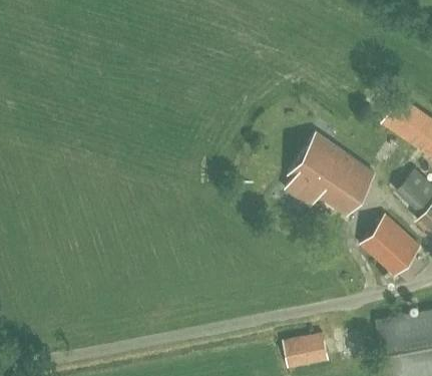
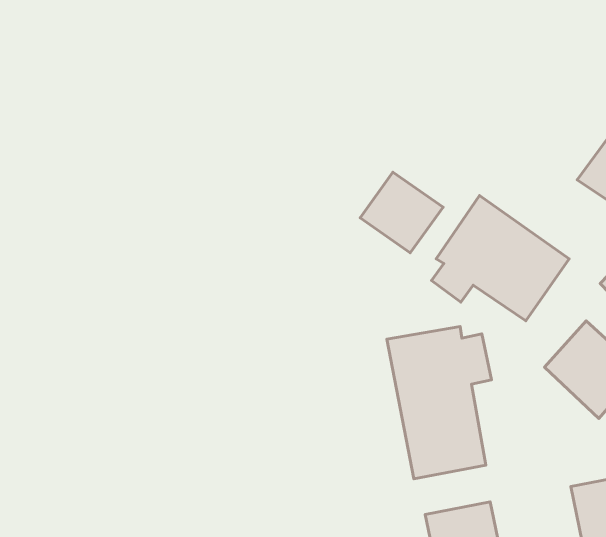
building: none -> [360,172,443,253]
building: none -> [387,326,492,479]

